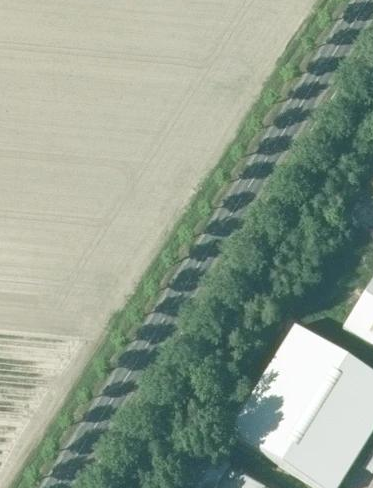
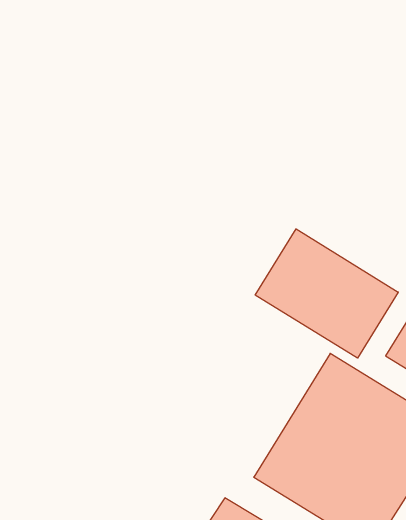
building: none -> [255,229,398,358]

